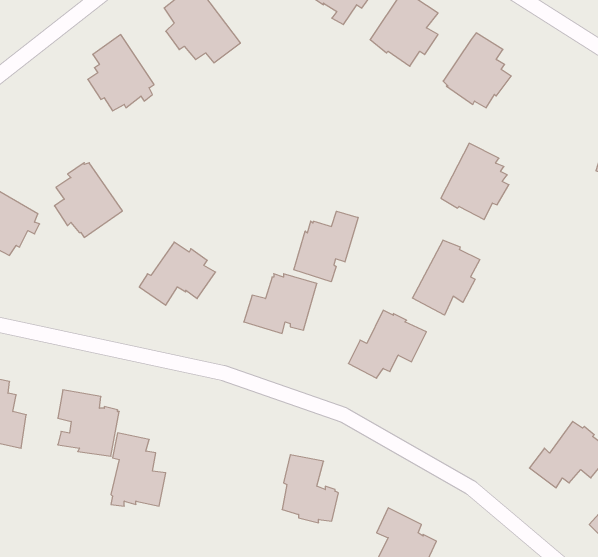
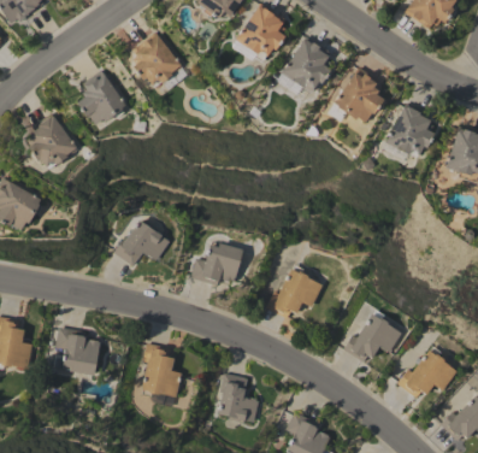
building: [441,143,509,220] -> [385,102,435,158]
building: [54,163,122,237] -> [28,114,77,169]
building: [294,211,358,282] -> none
building: [412,240,480,315] -> none
building: none -> [343,313,402,363]
building: [111,433,166,506] -> [142,343,182,396]

